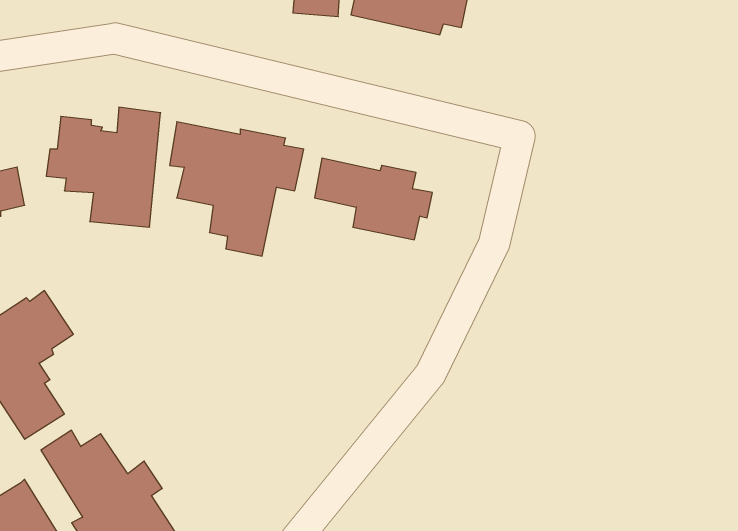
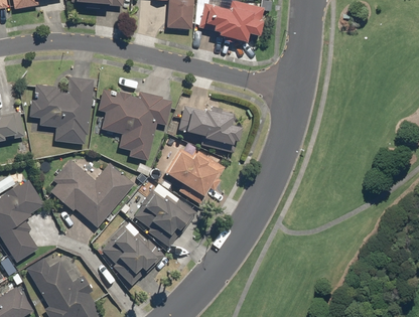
building: none -> [167,149,224,205]
building: none -> [51,159,133,226]
building: none -> [133,188,196,247]
building: none -> [98,224,163,285]

